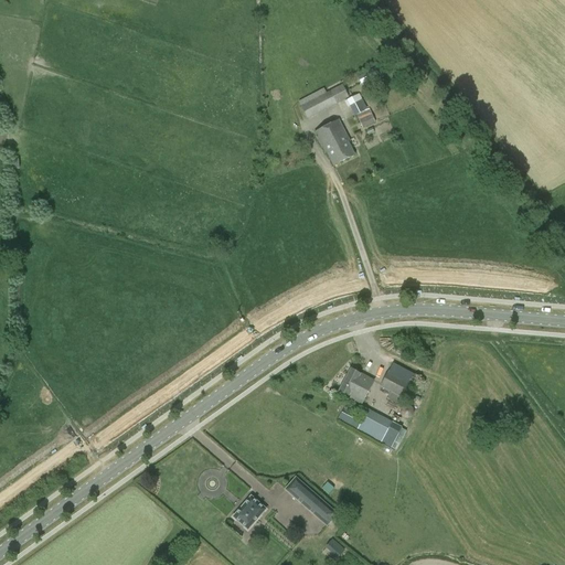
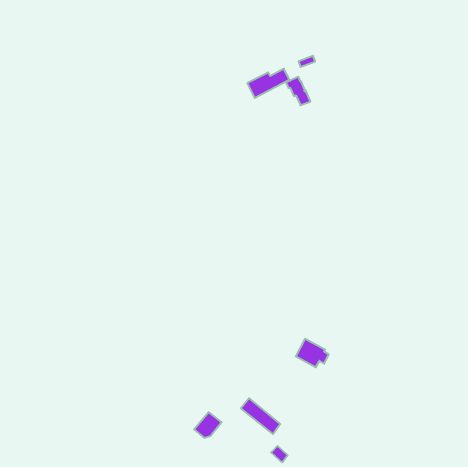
building: [315,119,354,166] -> none
building: [338,367,374,404] -> none
building: [380,370,412,398] -> none

